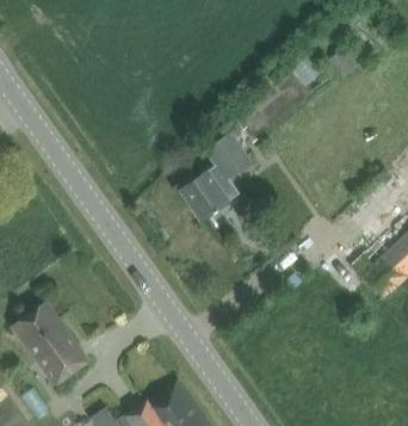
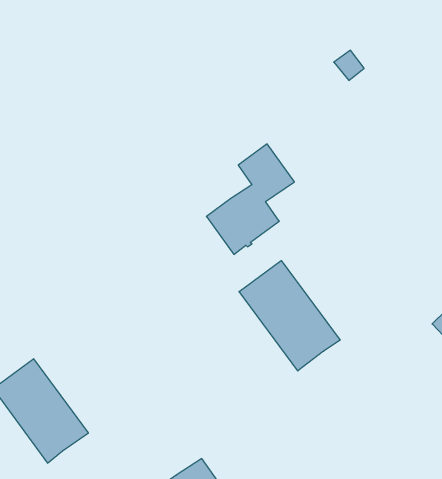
building: none -> [239,261,340,371]

